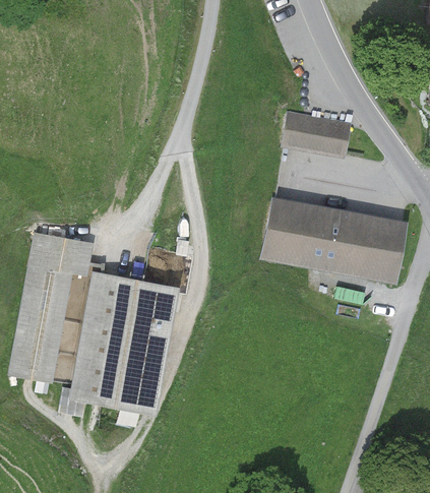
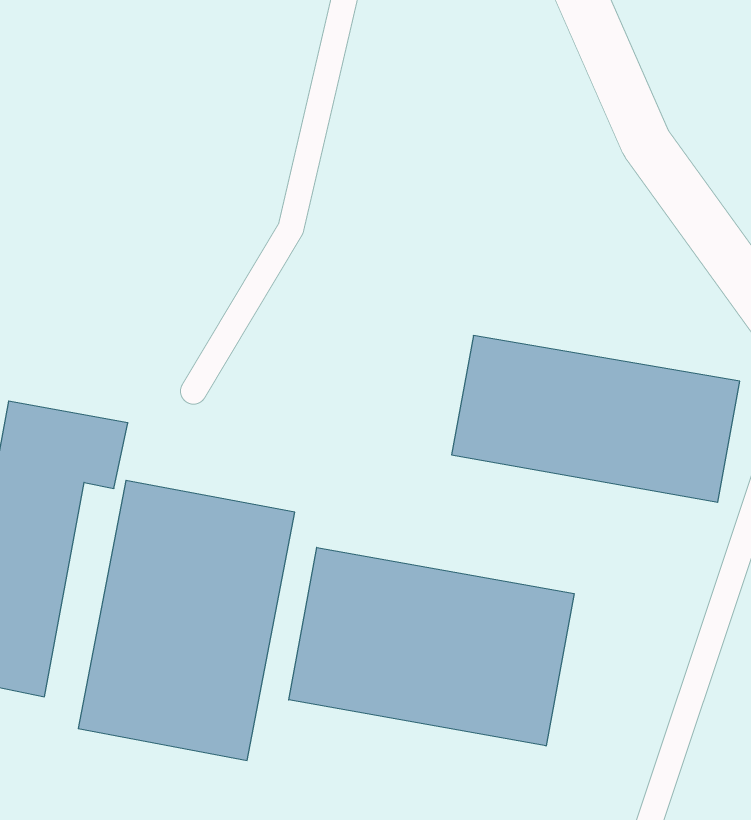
building: [281,111,351,159] -> none
building: none -> [289,547,574,746]

